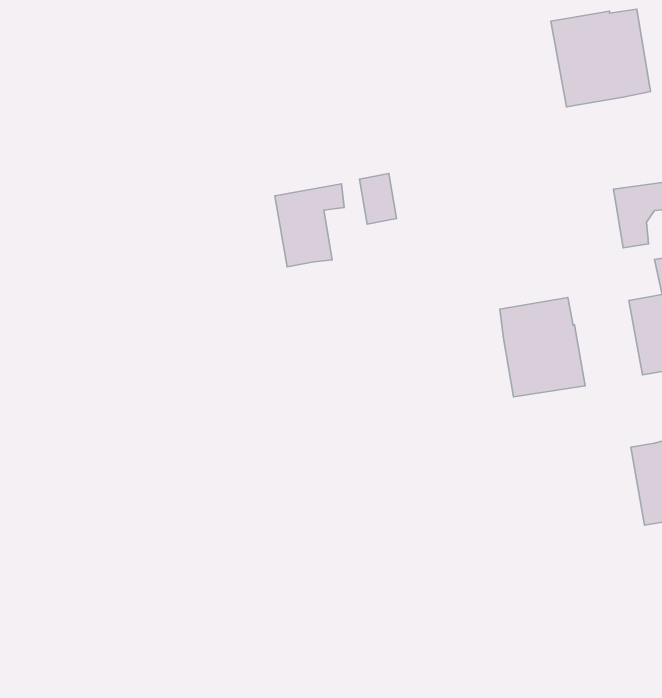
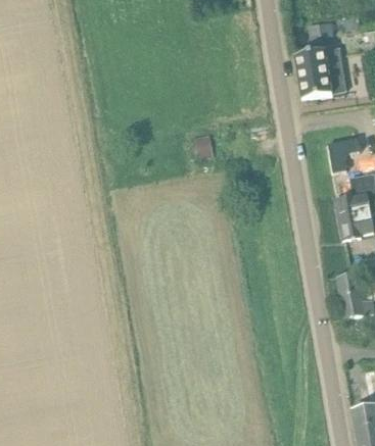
building: [275,184,344,267] -> none
building: [500,297,585,397] -> none

